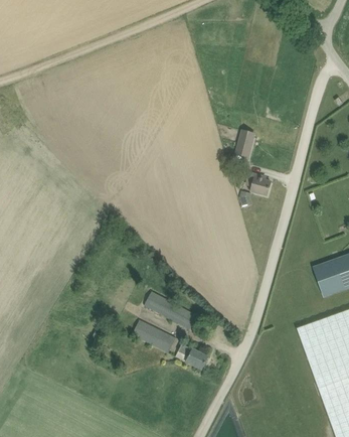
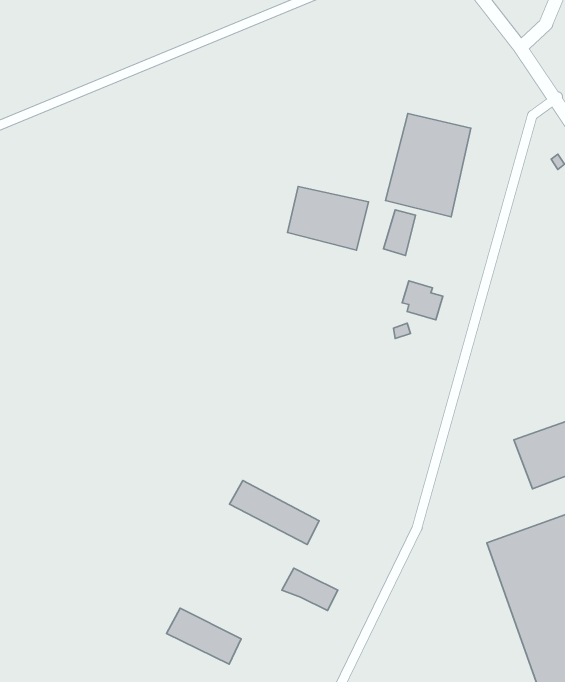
building: none -> [386,113,471,217]
building: none -> [288,186,368,250]
building: [132,319,176,352] -> [167,608,241,664]

